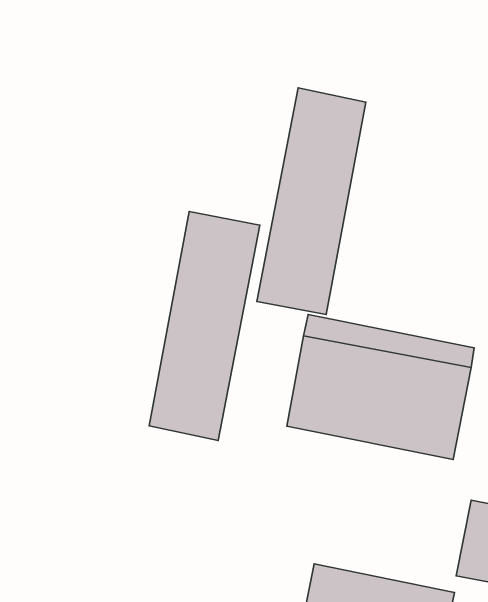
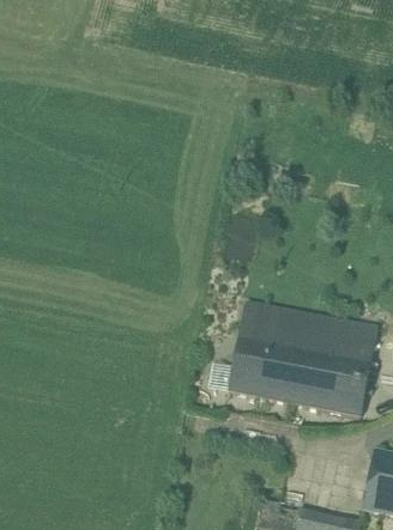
building: [257,88,366,314] -> none
building: [149,212,260,441] -> none

